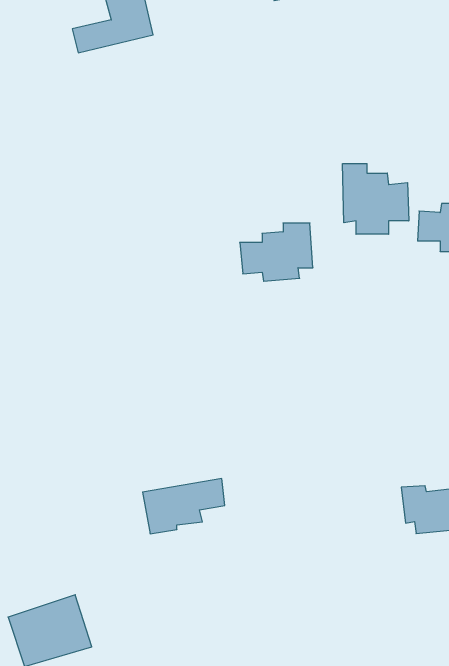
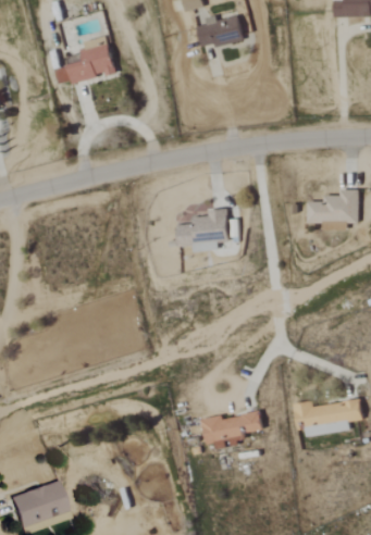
building: [343,164,409,234] -> none
building: [143,479,225,534] -> [206,410,265,450]

